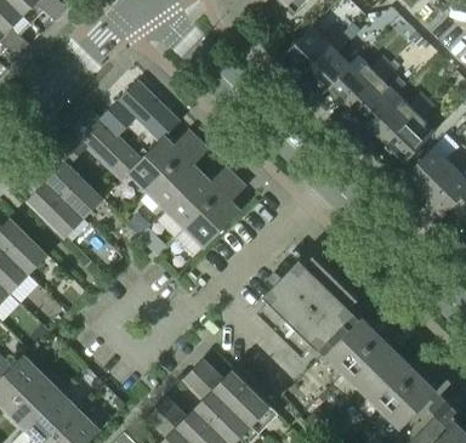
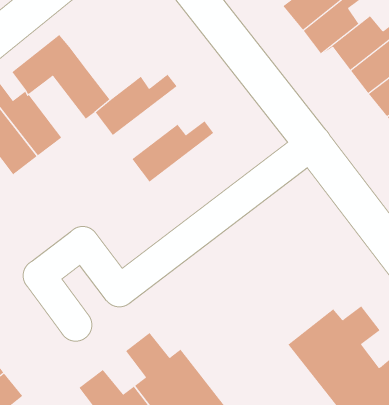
building: [100,81,178,142] -> none
building: [147,141,208,210] -> none
building: [184,177,245,248] -> none
building: [257,255,360,356] -> none

